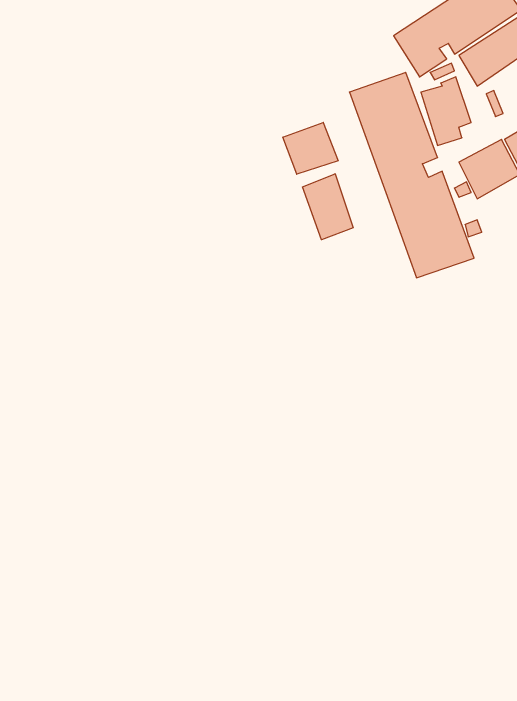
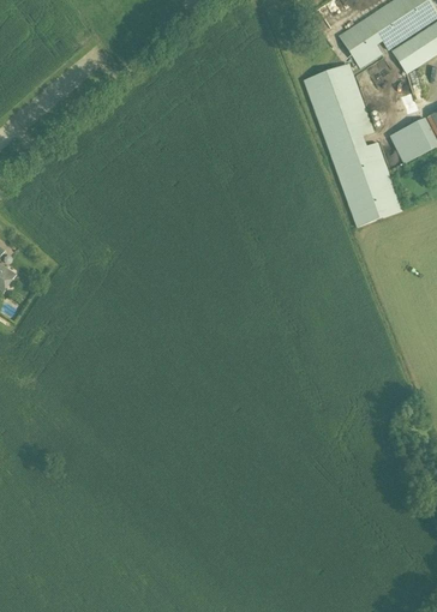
building: [283,122,338,174] -> none
building: [302,174,353,240] -> none

